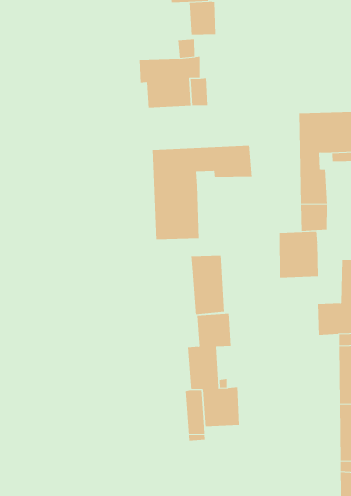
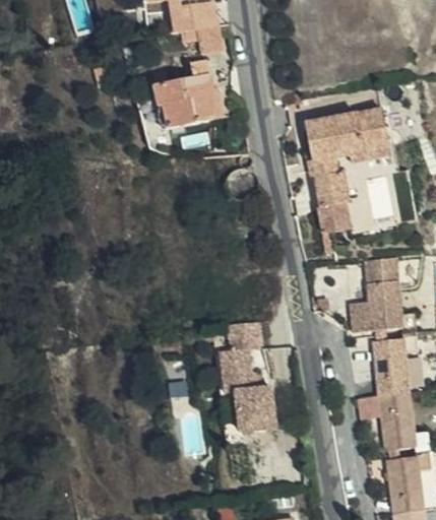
building: [152,145,252,240] -> none
building: [279,231,318,278] -> none
building: [191,255,224,315] -> none

